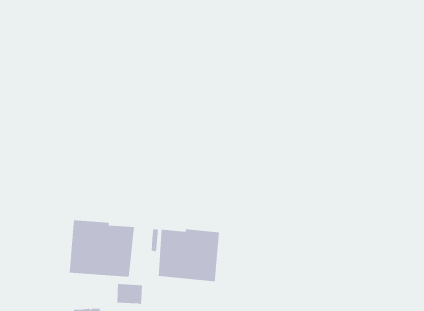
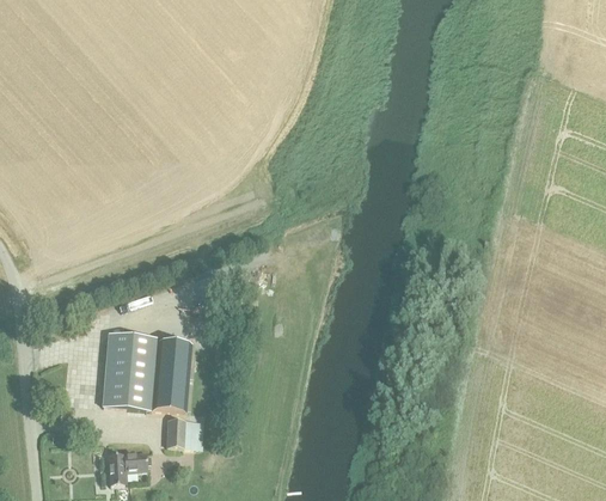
building: [158,229,219,282] -> none

